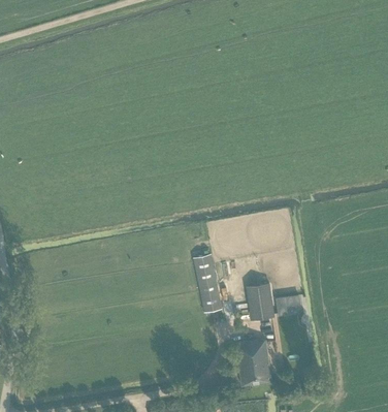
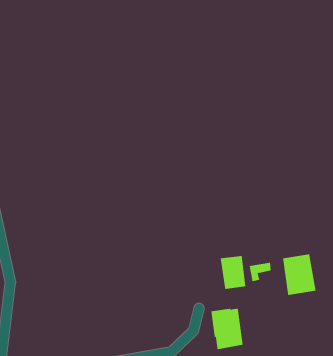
building: [193,254,221,313] -> none
building: none -> [282,253,316,296]

